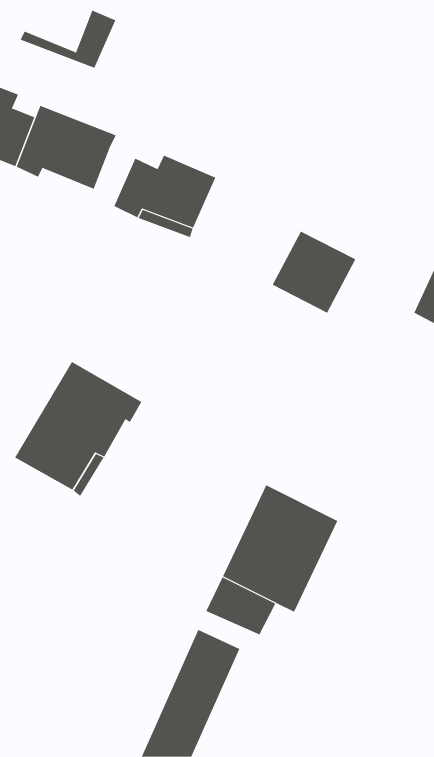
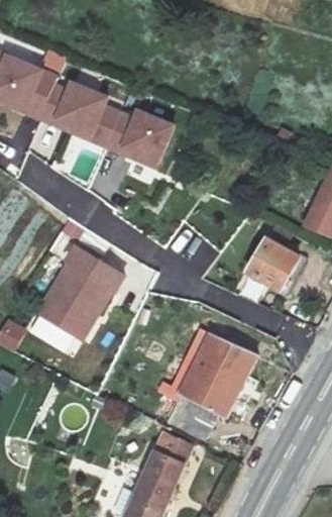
building: [20,10,116,68] -> [56,105,120,144]
building: [272,231,356,314] -> [243,235,300,291]

